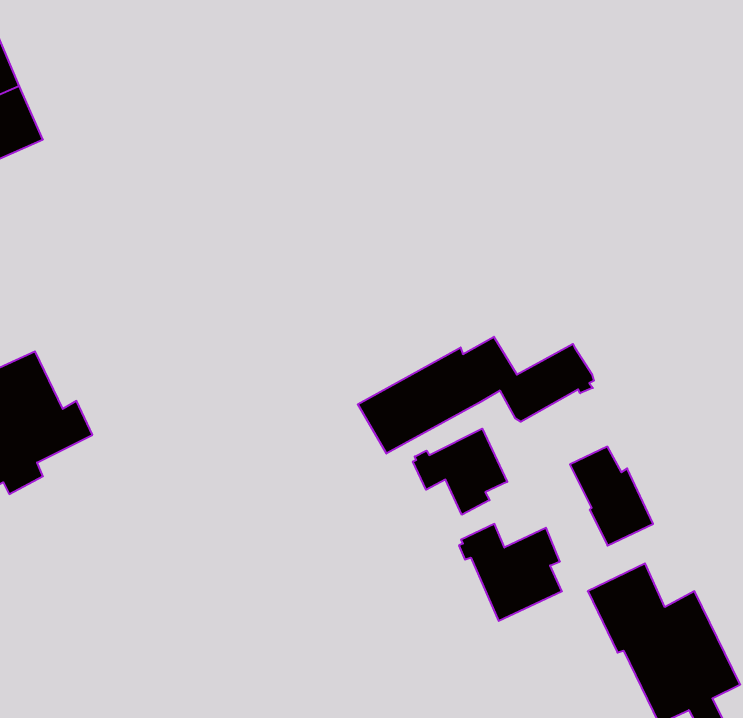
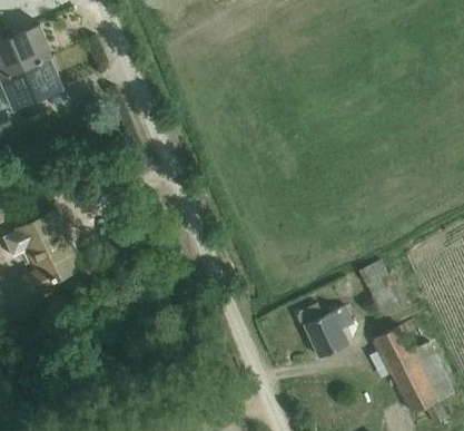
building: [358,337,594,454] -> none
building: [413,429,507,515] -> none

